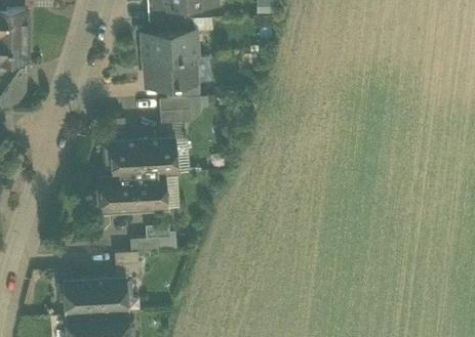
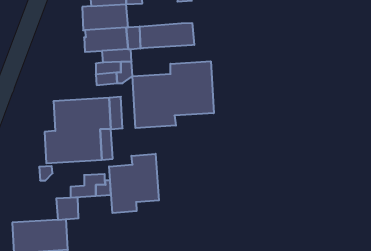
building: none -> [140,23,194,49]
building: none -> [133,61,214,128]
building: none -> [109,154,159,213]

